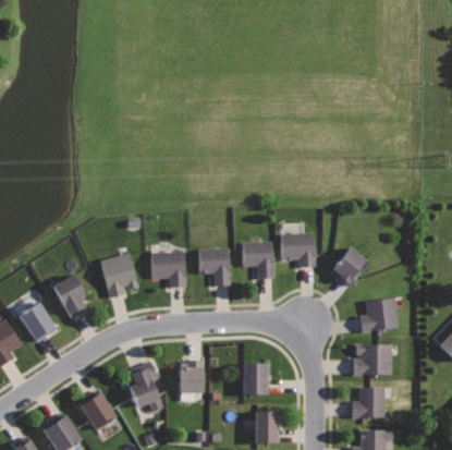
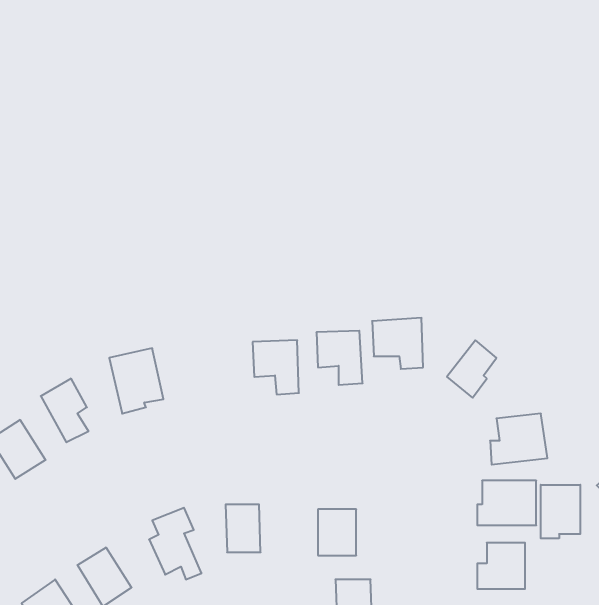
building: [151,251,185,288] -> none
building: none -> [541,485,580,538]

